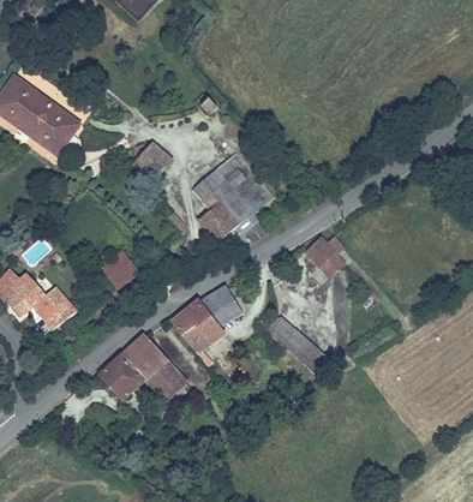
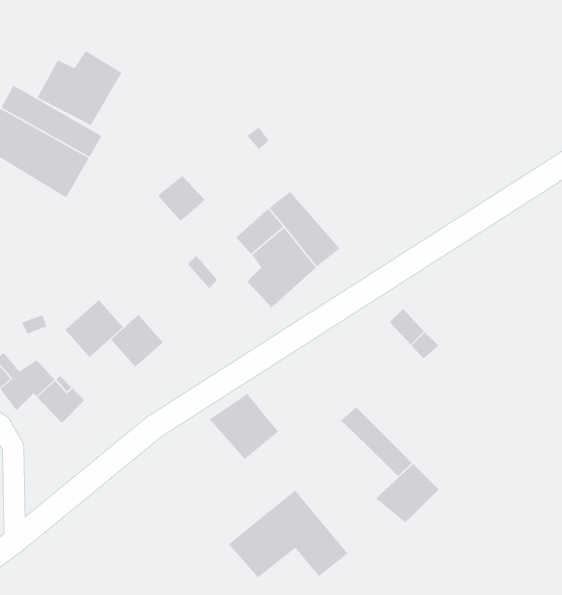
building: none -> [36,50,122,126]
building: none -> [65,299,124,358]
building: [199,286,240,325] -> none
building: [94,337,186,406] -> [228,489,349,579]
building: none -> [375,463,439,524]

